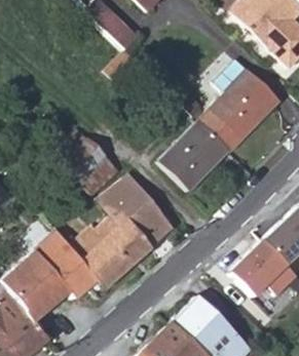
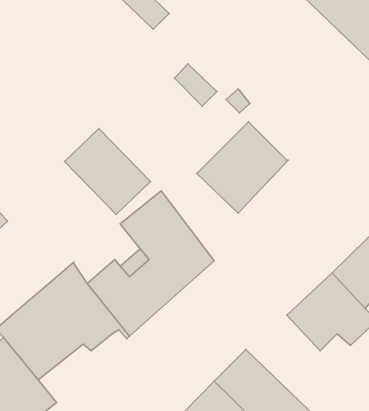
building: [198,60,277,150] -> none

